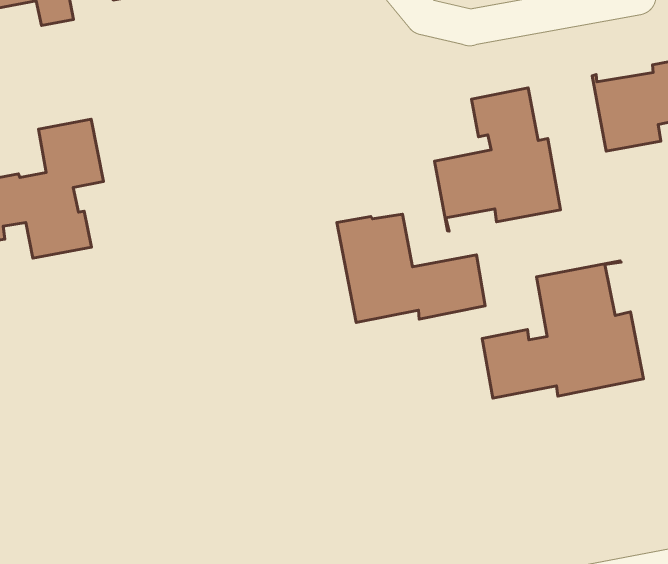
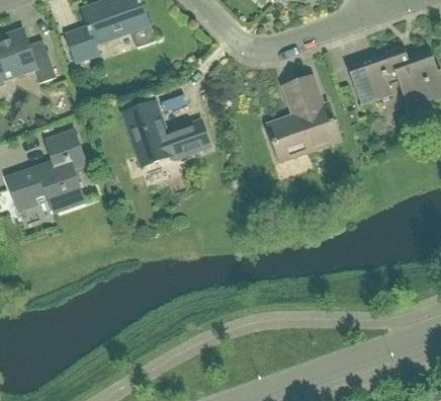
building: [337,214,485,322] -> [121,103,210,167]
building: [482,261,644,398] -> none

